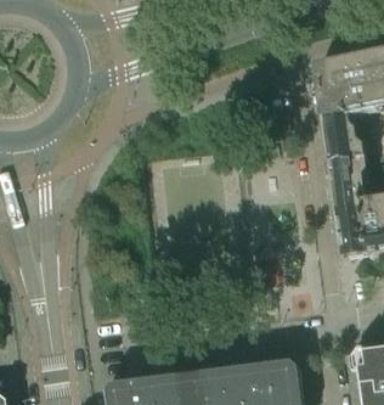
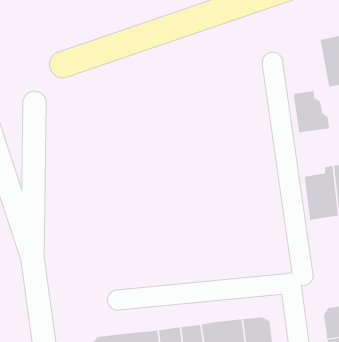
building: [317,58,362,117] -> none
building: [329,154,365,207] -> none

